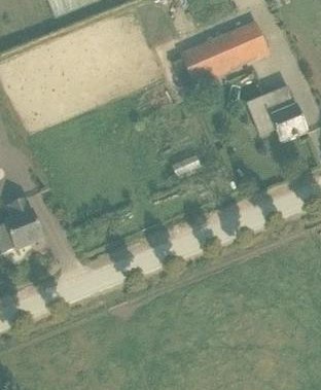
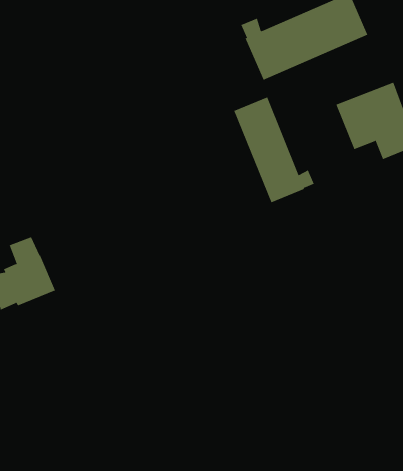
building: none -> [234,97,315,203]

